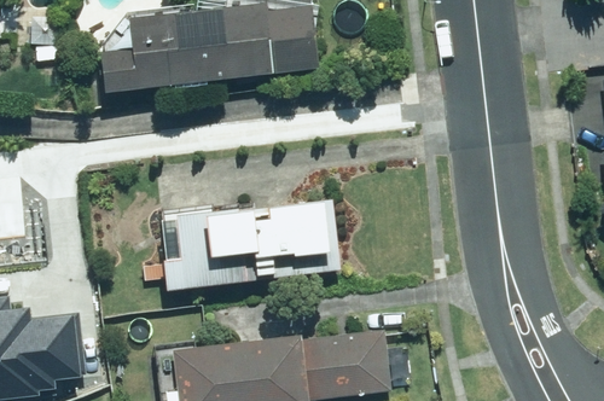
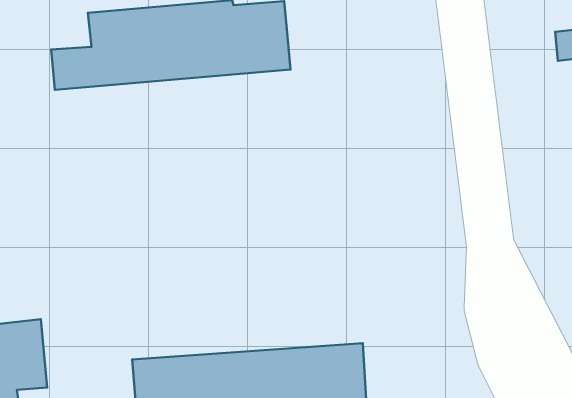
building: [157,200,337,292] -> none

